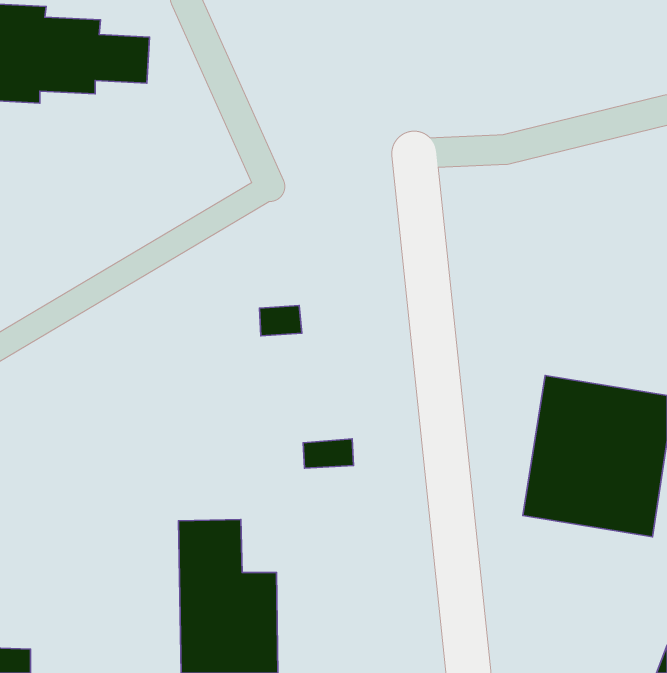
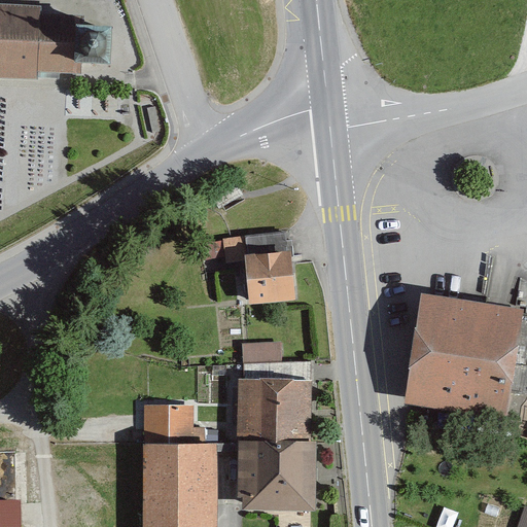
building: none -> [245,235,293,305]
building: none -> [238,380,316,514]

